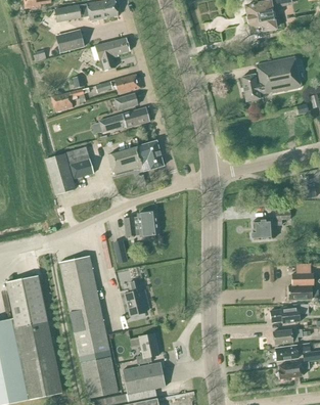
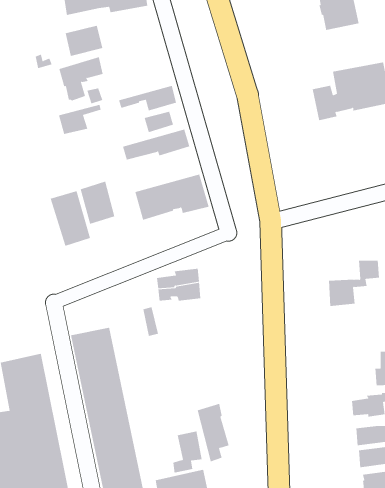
building: [95,37,129,71] -> [59,57,104,102]
building: [122,279,146,323] -> [197,403,229,462]

